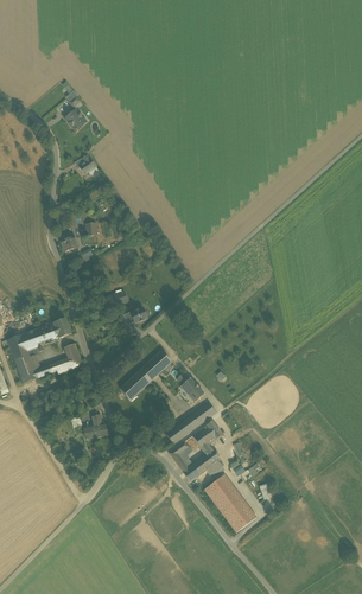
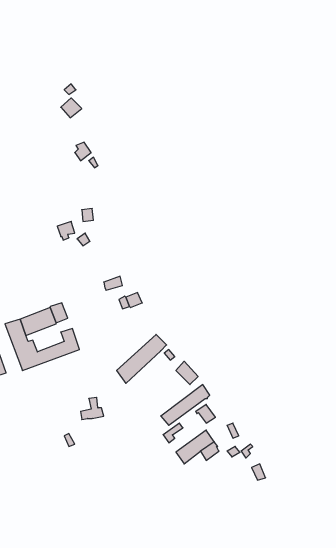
building: [204,473,256,531] -> none

